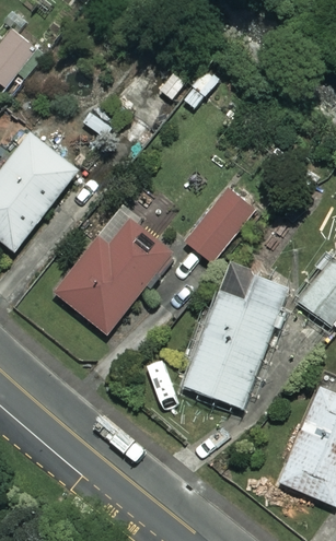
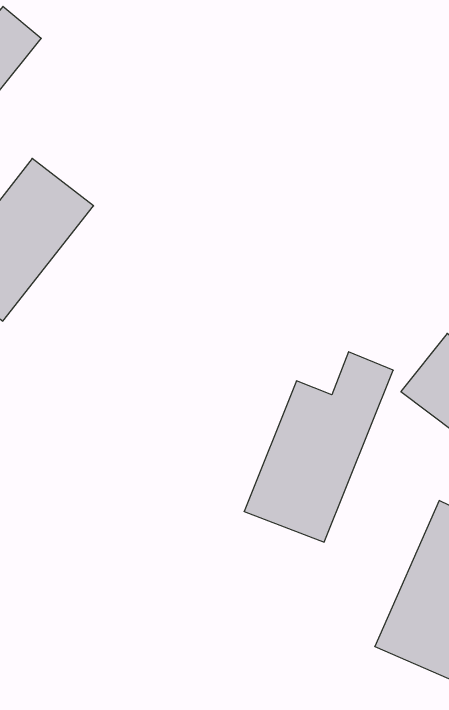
building: [183,185,256,263] -> none
building: [53,207,178,337] -> none

